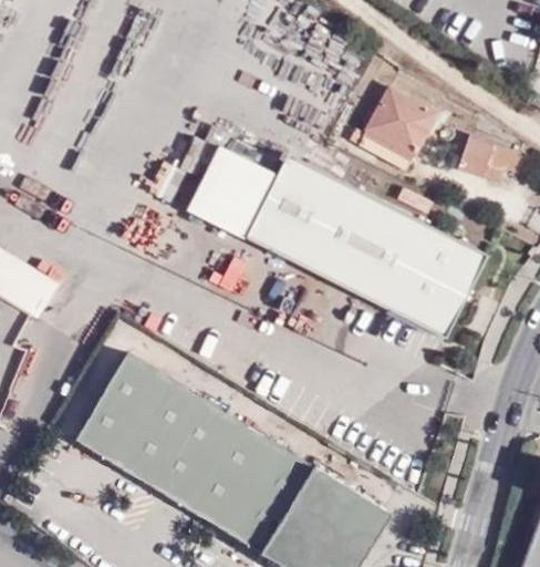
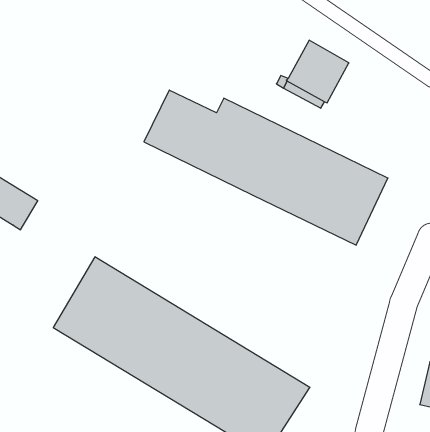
building: [457,135,523,183] -> none

